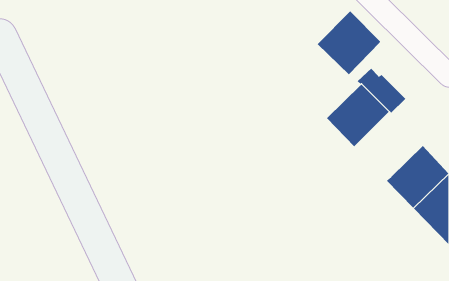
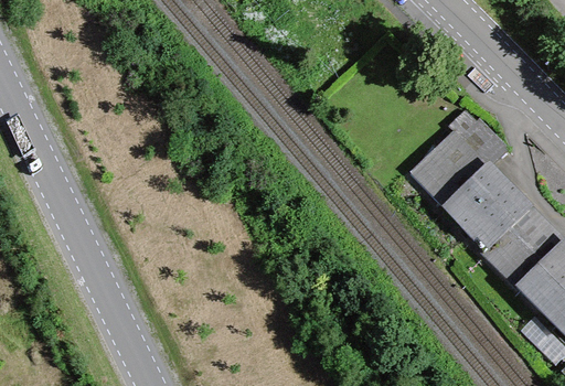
building: [317,11,381,75] -> none
building: none -> [445,165,531,247]

